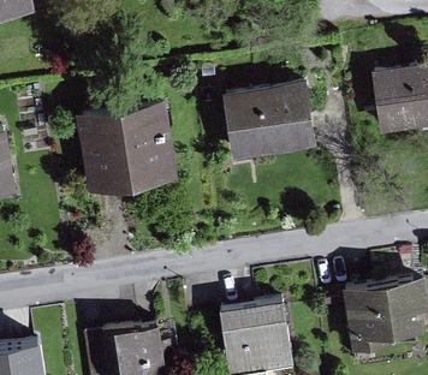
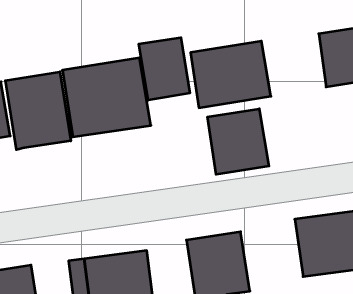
building: none -> [139,38,190,100]
building: none -> [5,72,71,150]
building: none -> [208,109,269,174]

